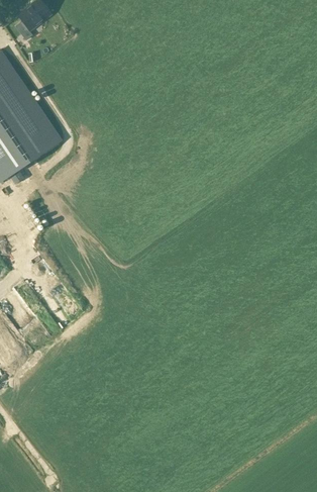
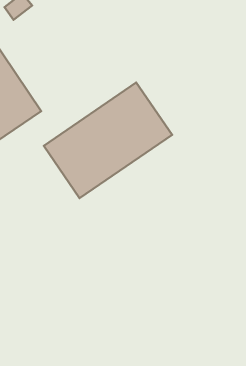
building: none -> [44,83,172,198]

